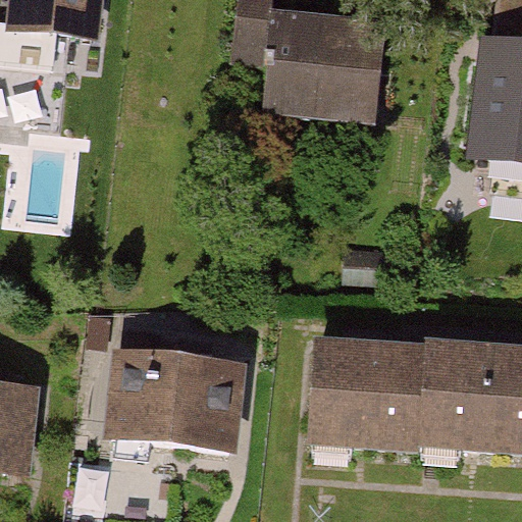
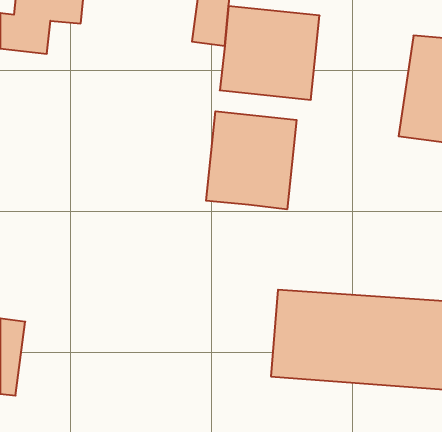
building: none -> [206,111,297,209]
building: [86,340,240,448] -> none

